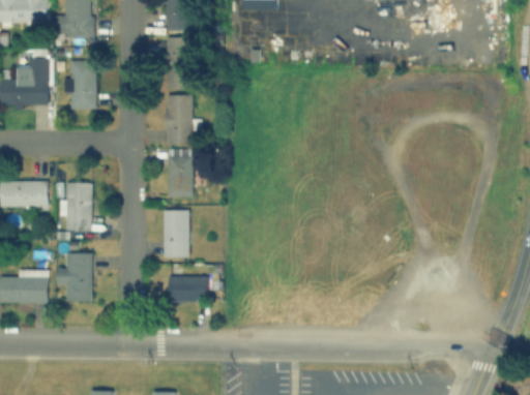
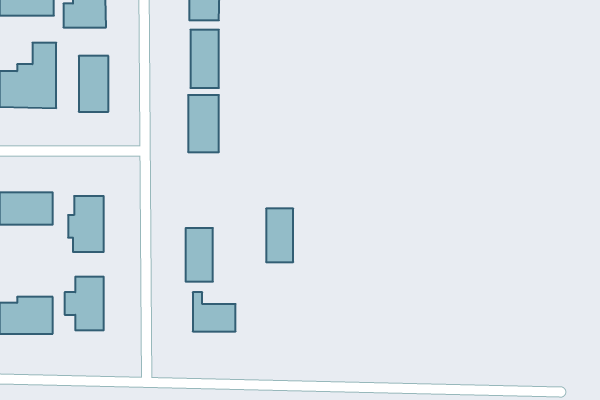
building: [168,150,192,196] -> [266,209,293,262]

